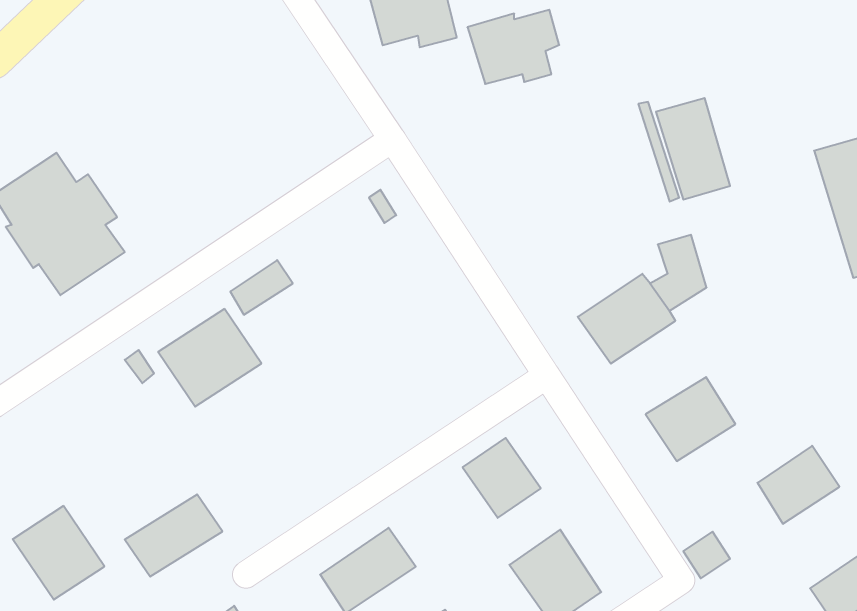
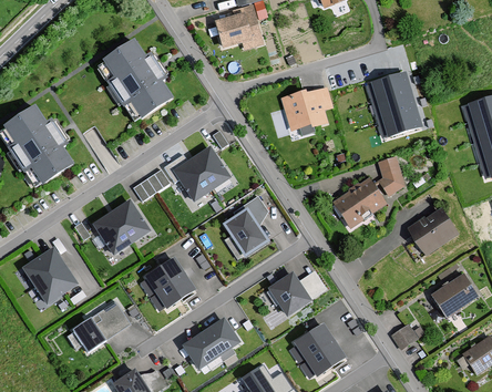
building: [467,10,559,84] -> [281,90,334,132]
building: none -> [99,44,174,126]
building: none -> [172,145,229,202]
building: none -> [223,207,268,256]
building: [646,377,735,461] -> [409,209,460,257]
building: none -> [145,254,196,306]
building: [13,506,104,600] -> [24,251,76,305]

